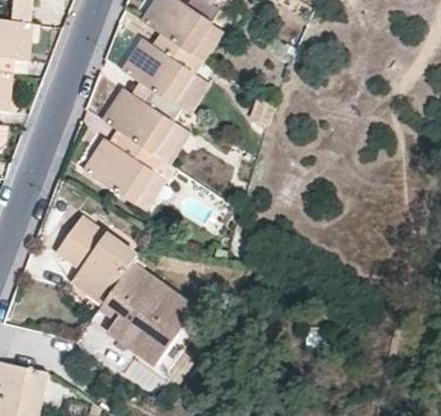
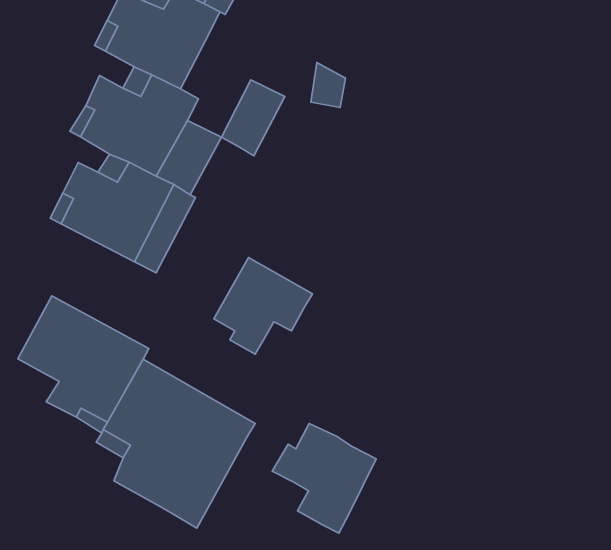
building: [170,69,210,114] -> [221,80,285,156]
building: none -> [214,257,313,354]
building: none -> [272,424,376,533]

